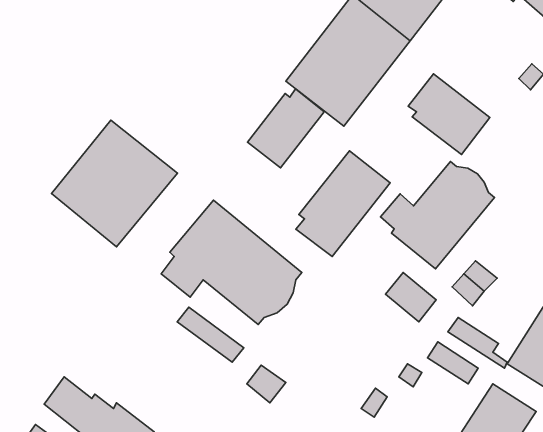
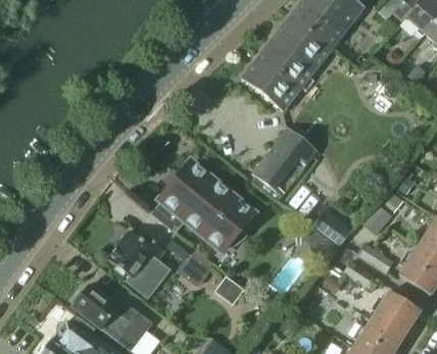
building: [408,74,490,154] -> none
building: [248,89,324,168] -> none
building: [51,120,178,247] -> none
building: [381,162,495,269] -> none
building: none -> [108,232,169,299]

